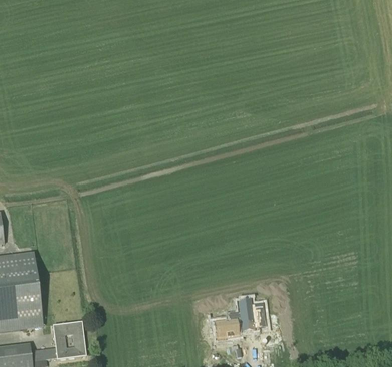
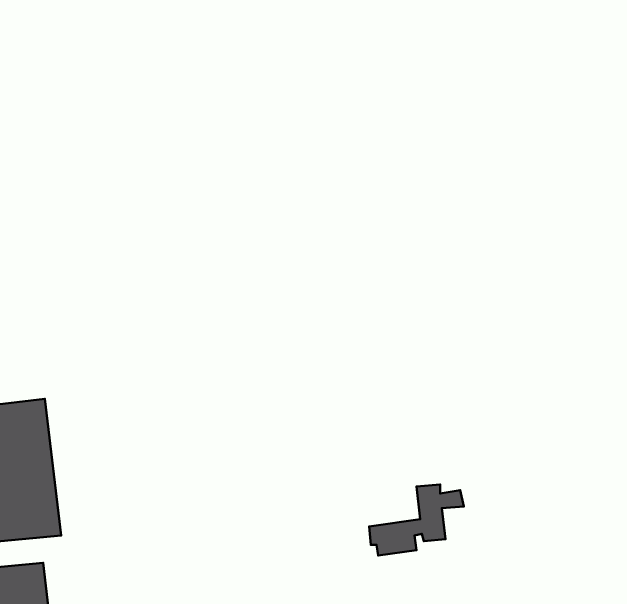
building: [40,321,85,359] -> none

